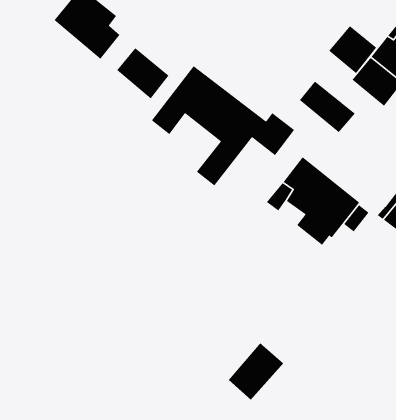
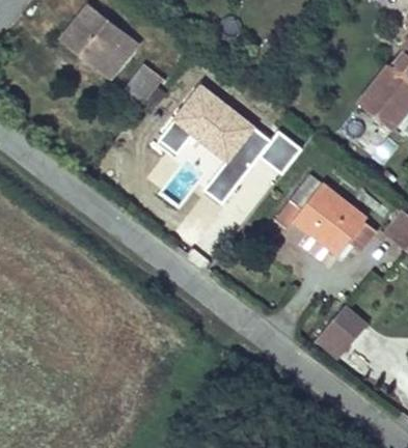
building: [328,25,377,74] -> none
building: [299,81,356,133] -> none
building: [228,342,284,401] -> [314,302,370,360]

